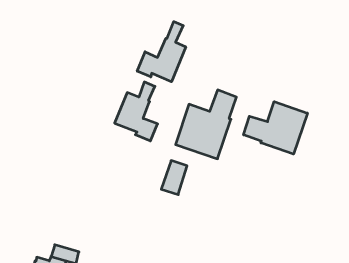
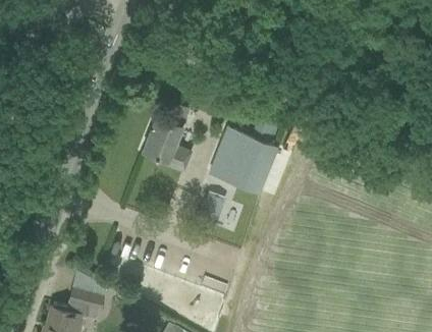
building: [137,22,186,82] -> none
building: [244,102,307,154] -> none

